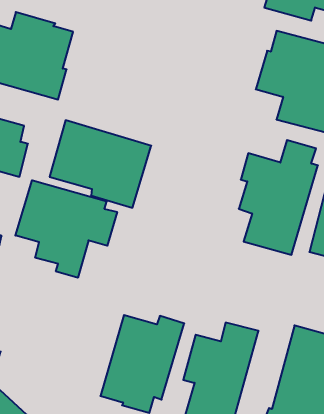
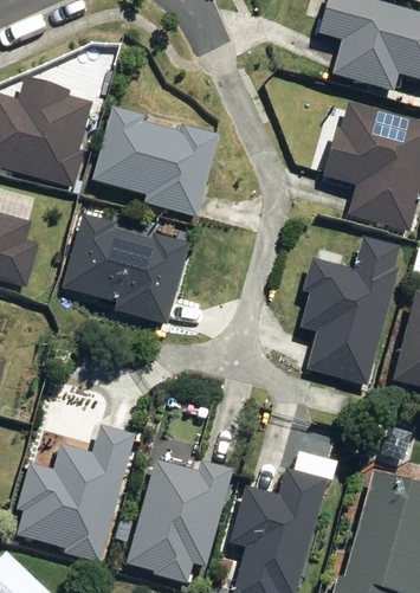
building: none -> [93,105,220,215]
building: [15,180,117,278] -> none
building: none -> [19,424,136,559]

